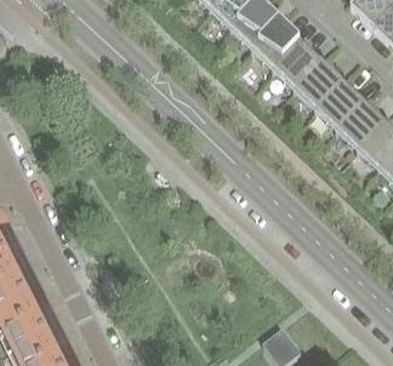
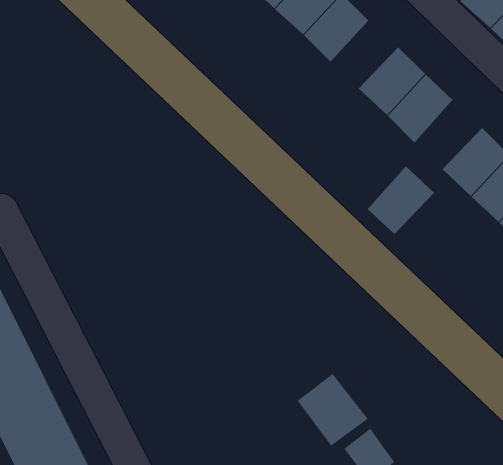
building: [254,18,304,69] -> none
building: [317,78,368,130] -> [367,165,435,235]
building: none -> [297,373,369,447]

